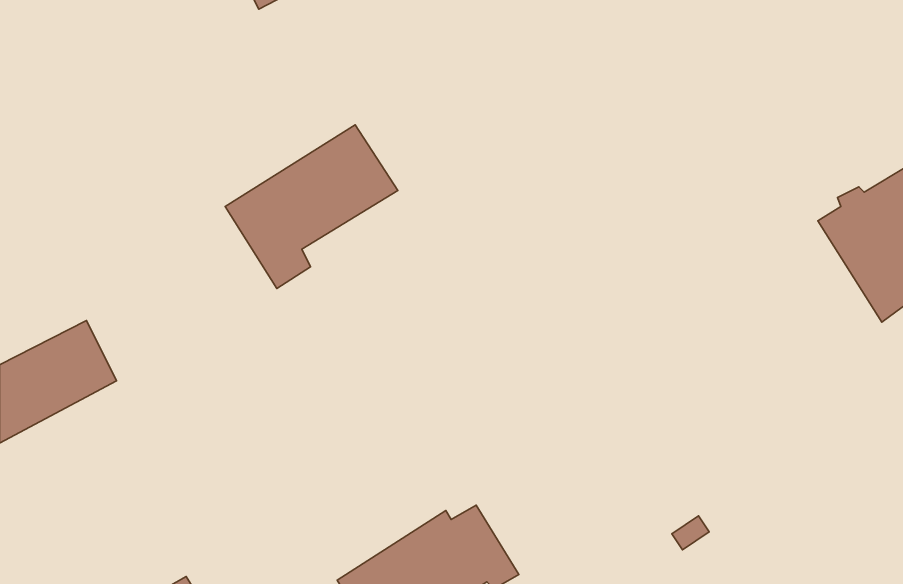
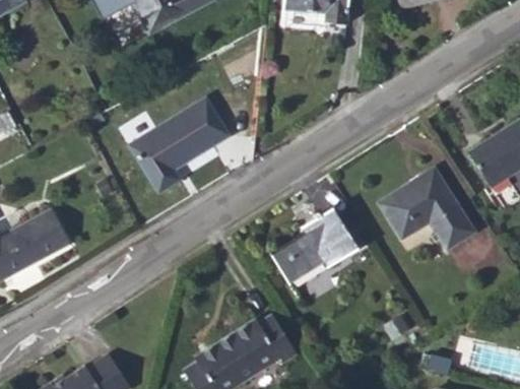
building: none -> [377,168,475,251]
building: none -> [271,208,359,283]

